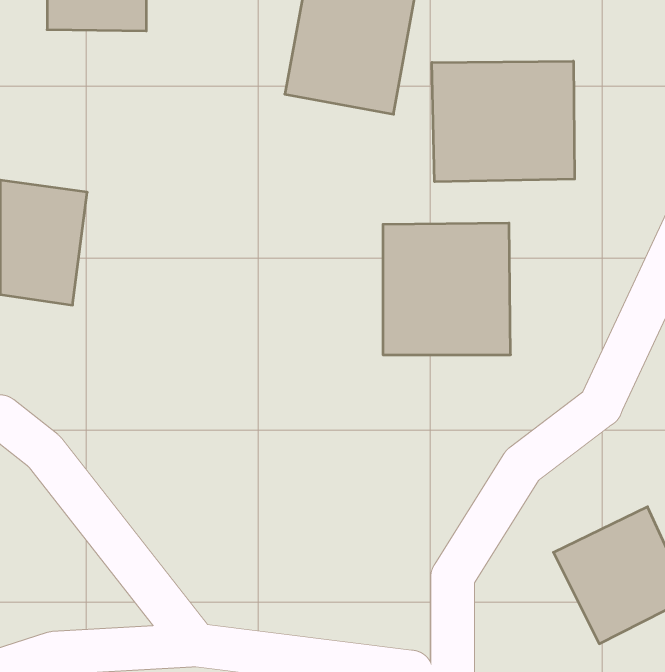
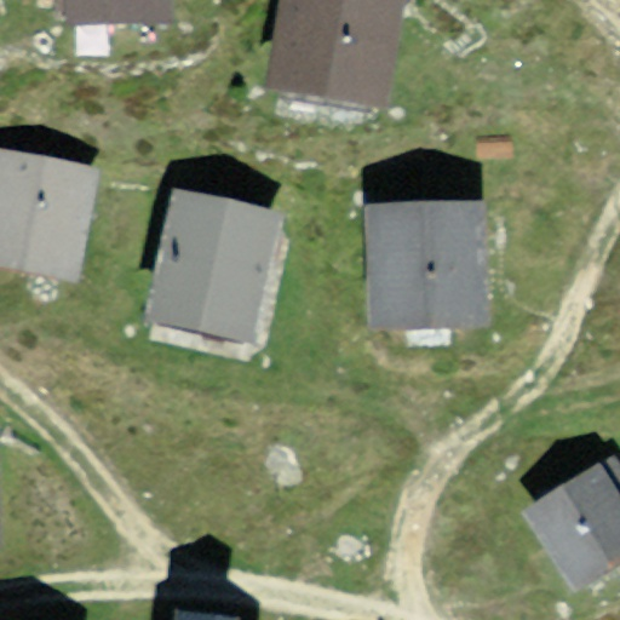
building: [432,61,575,182] -> none
building: none -> [144,195,281,346]

